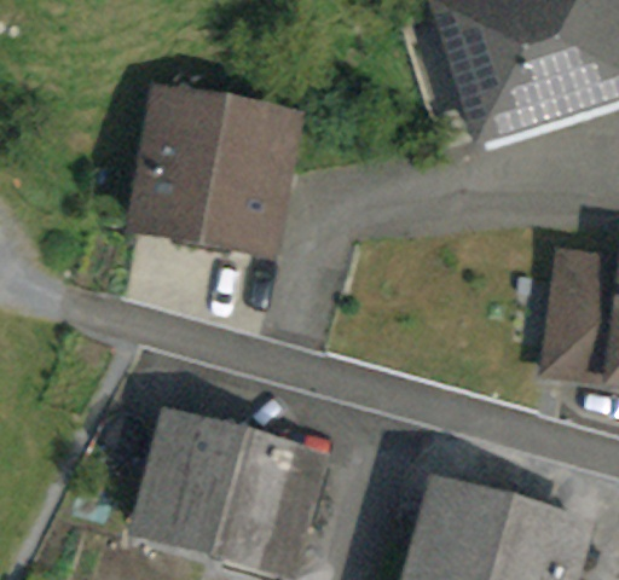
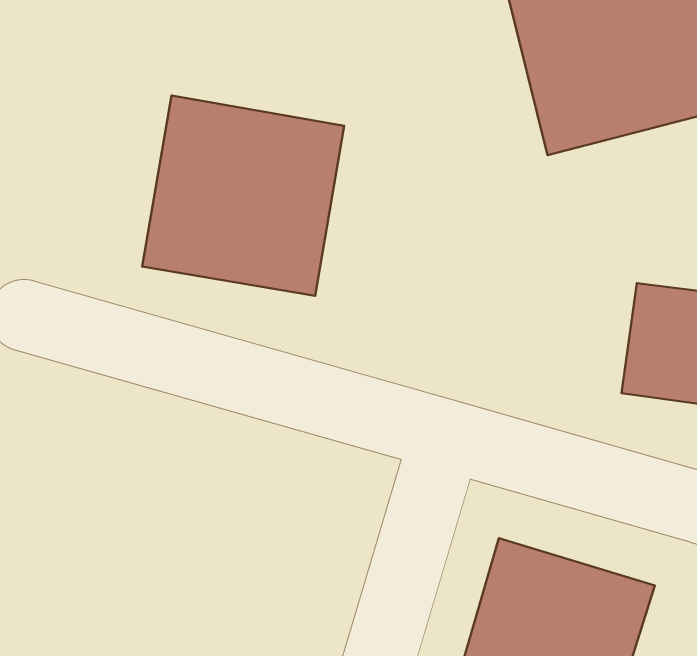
building: [139,406,299,545] -> none

